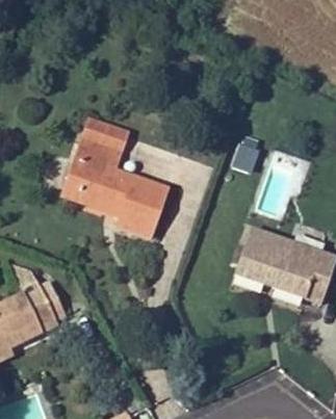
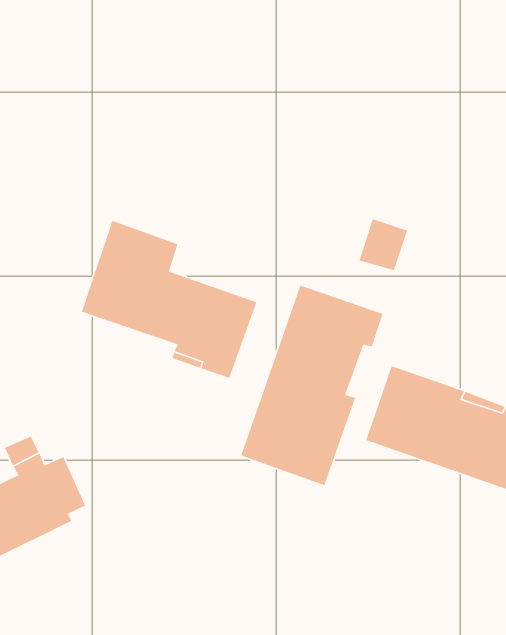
building: [80,119,128,153] -> none
building: none -> [240,284,383,486]

